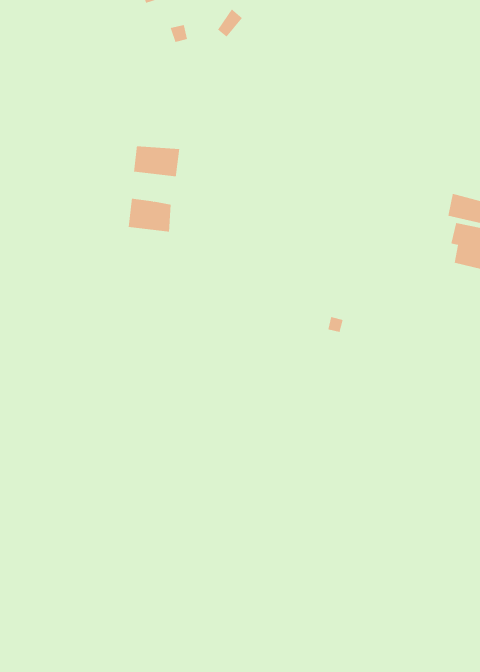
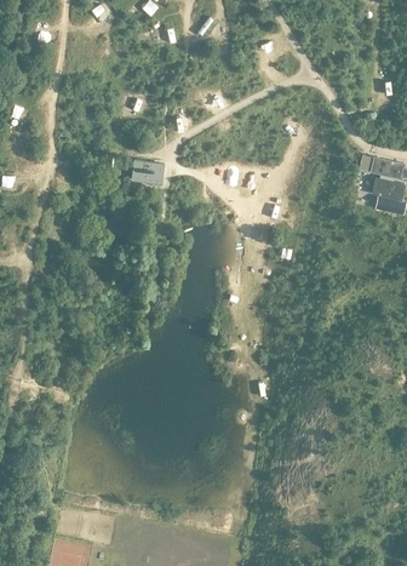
building: [134,146,180,177] -> none

